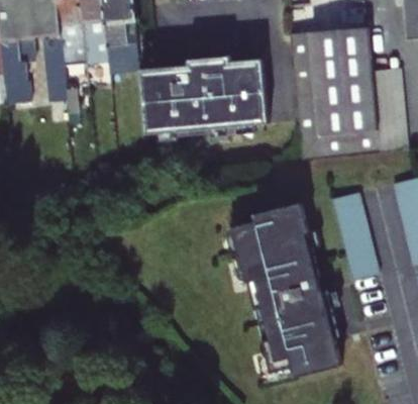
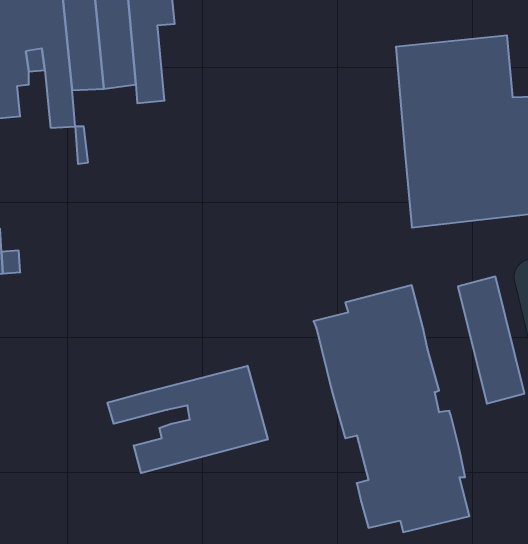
building: [139,56,268,136] -> none
building: none -> [107,366,268,473]

